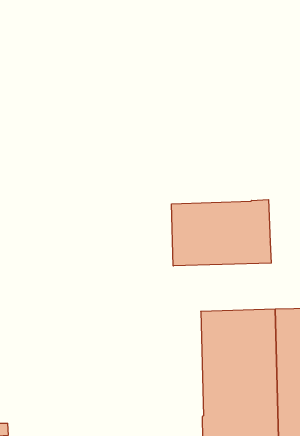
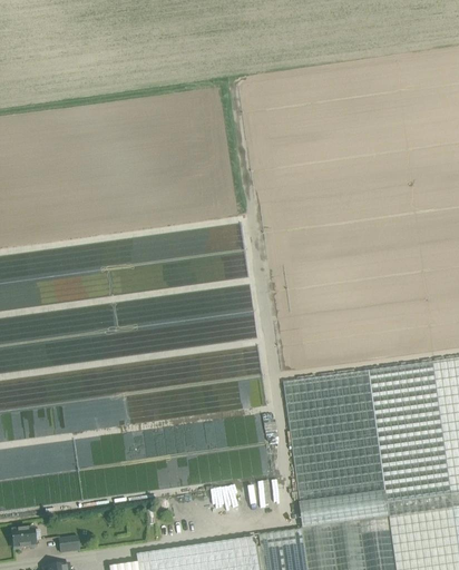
building: [172,200,271,266] -> none

